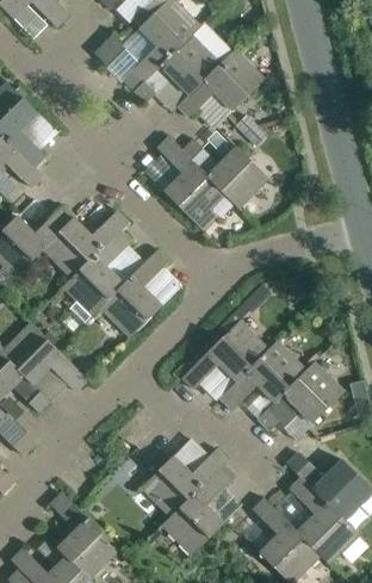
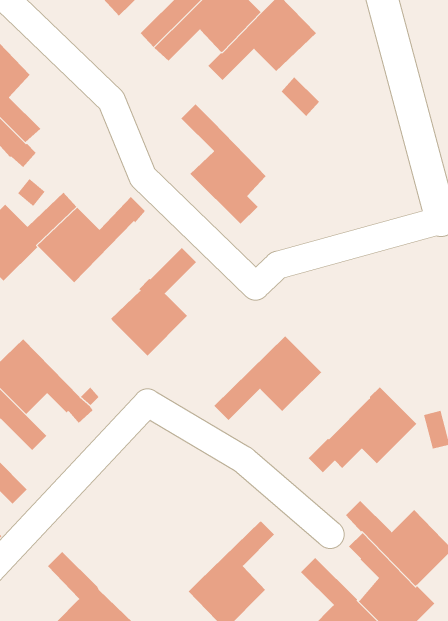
building: [182,139,268,209] -> none
building: [62,230,131,317] -> none
building: [221,341,306,410] -> none
building: [142,448,229,516] -> none

